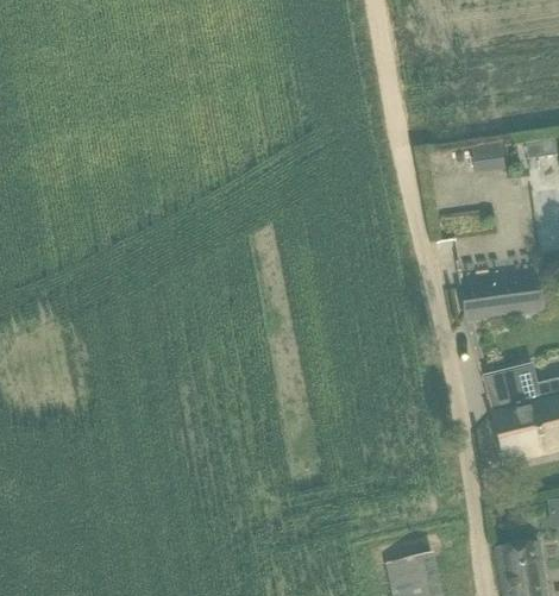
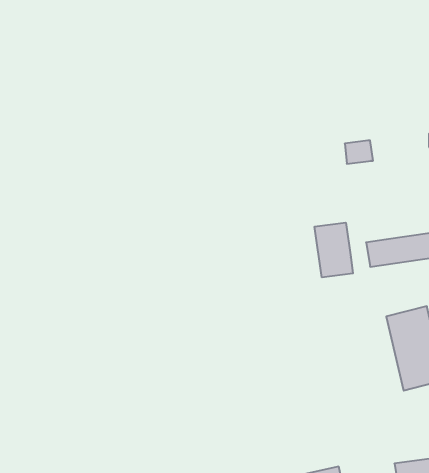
building: [472,143,505,170] -> [345,140,373,164]
building: none -> [315,223,353,277]

